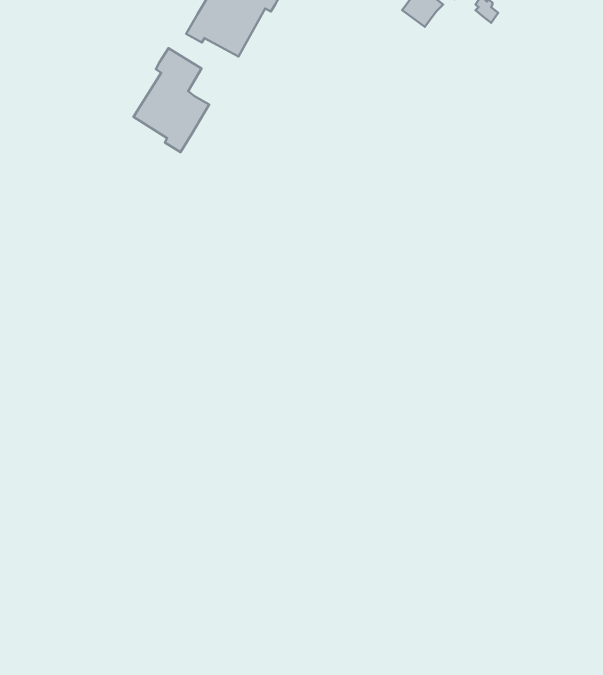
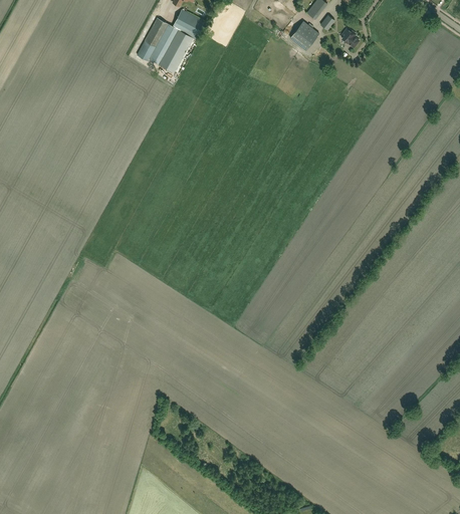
building: [133,48,209,152] -> none

